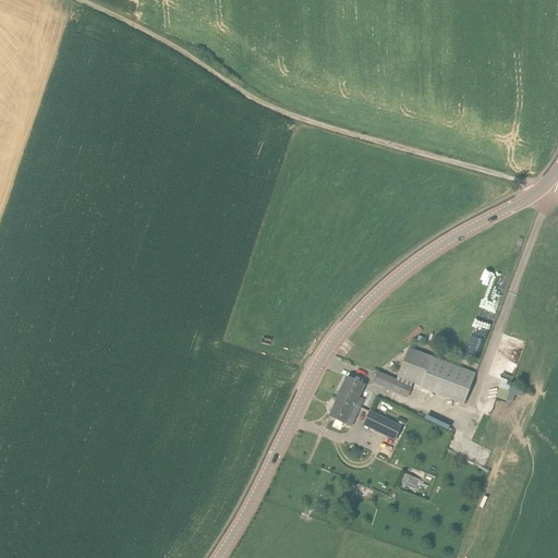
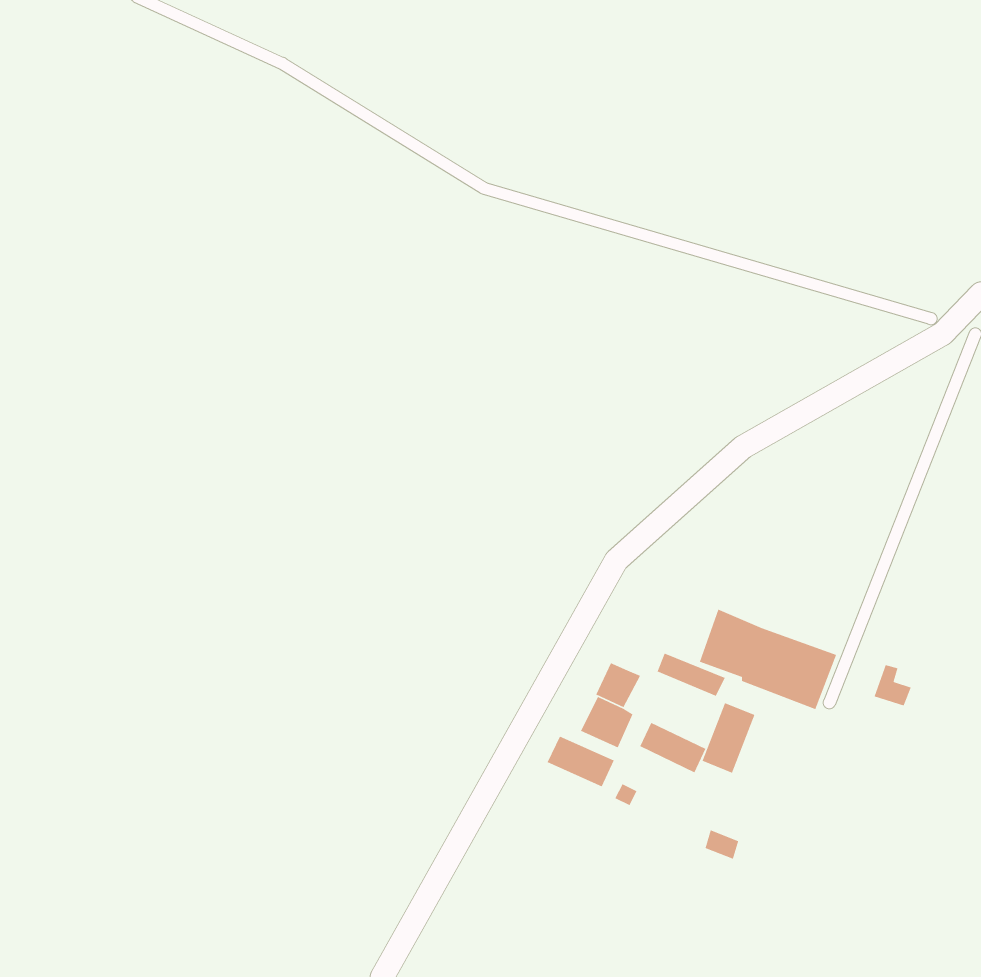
building: none -> [702,702,755,774]
building: none -> [547,735,615,788]

